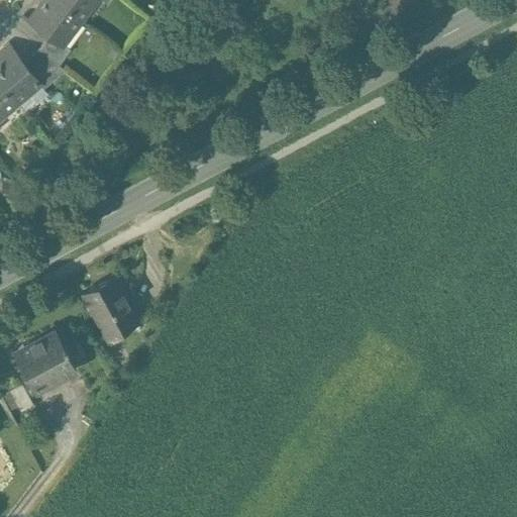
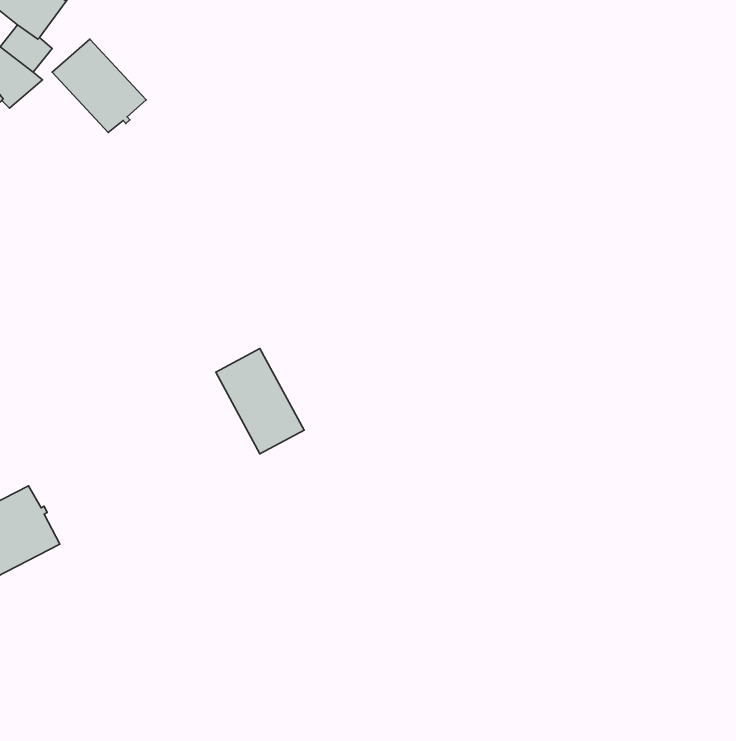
building: none -> [52,39,146,133]
building: [83,280,139,347] -> [216,348,304,454]

